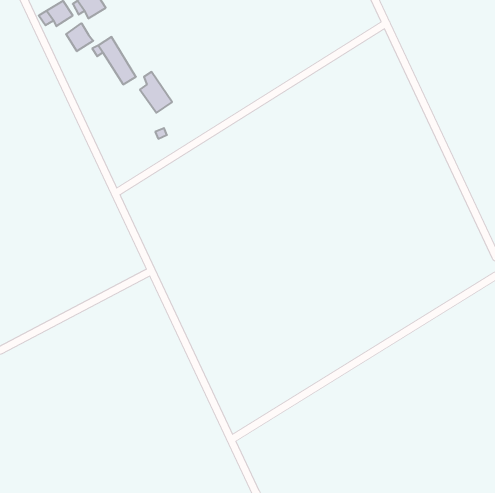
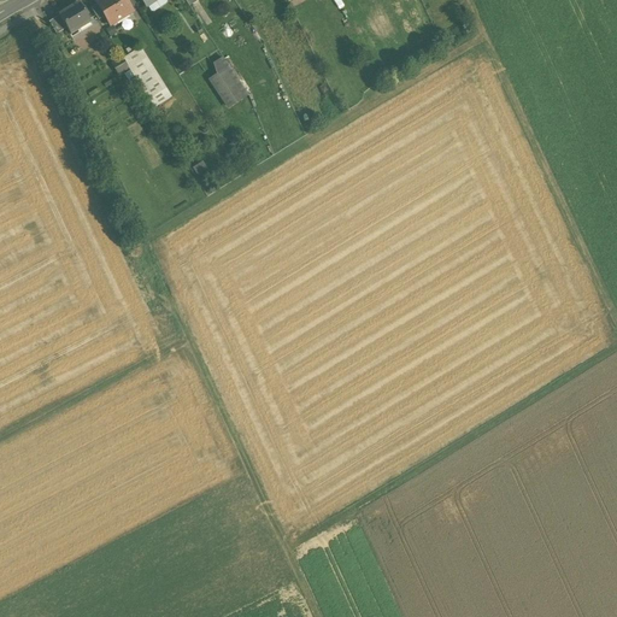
building: [66,23,93,51] -> none
building: [140,72,172,113] -> [208,55,248,106]

